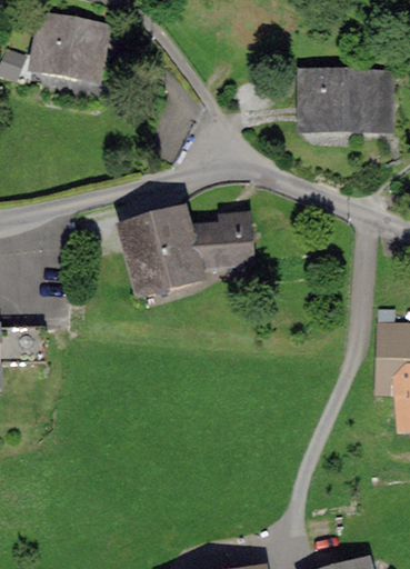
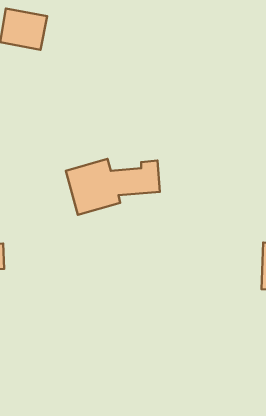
building: [309,79,382,124] -> none

